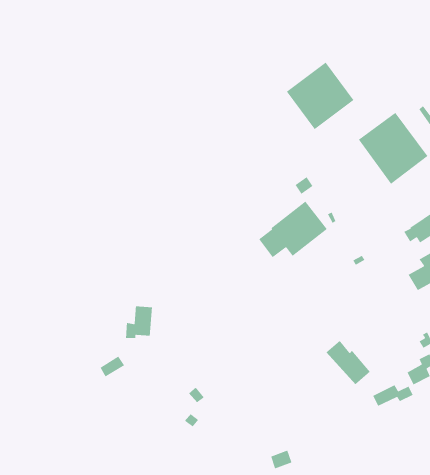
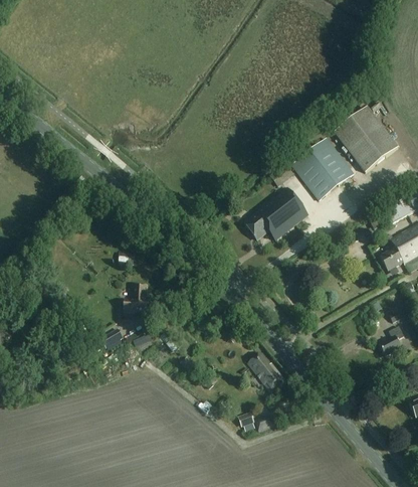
building: [286,62,354,130] -> [290,137,353,199]
building: [325,340,371,385] -> [247,352,288,393]
building: [372,384,414,407] -> none

